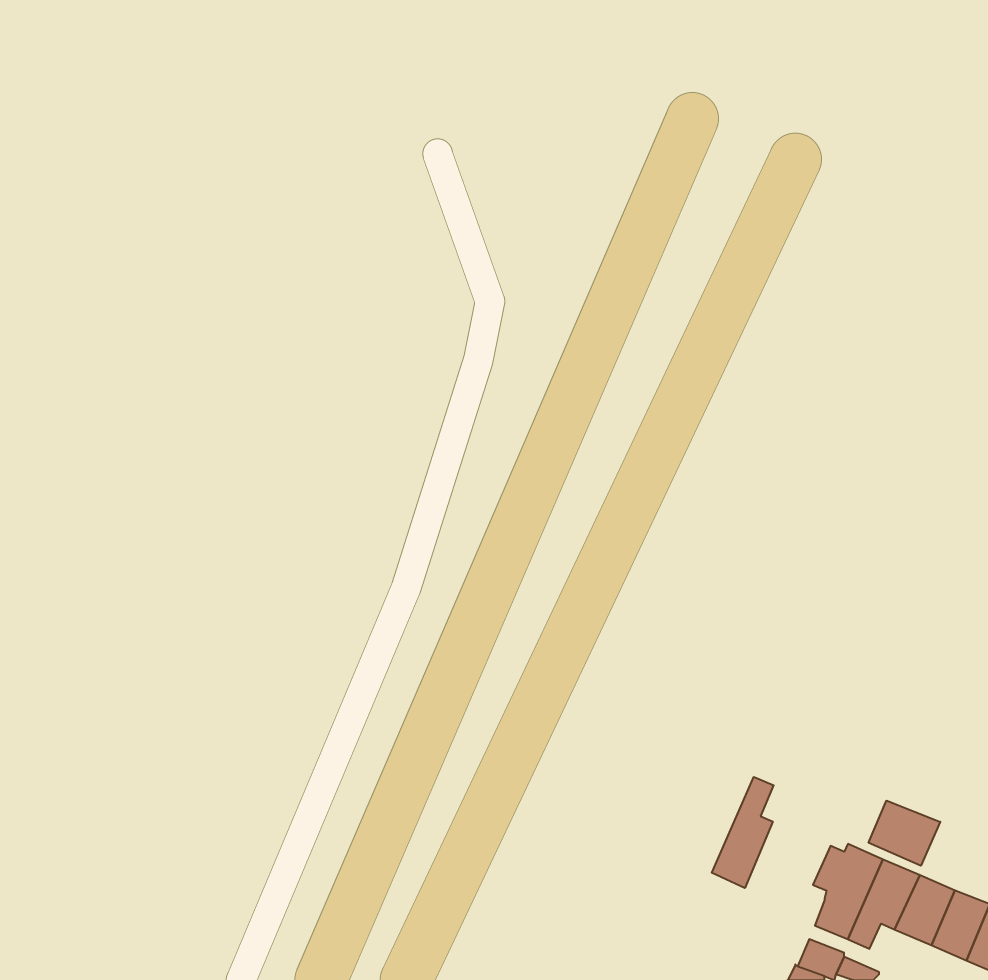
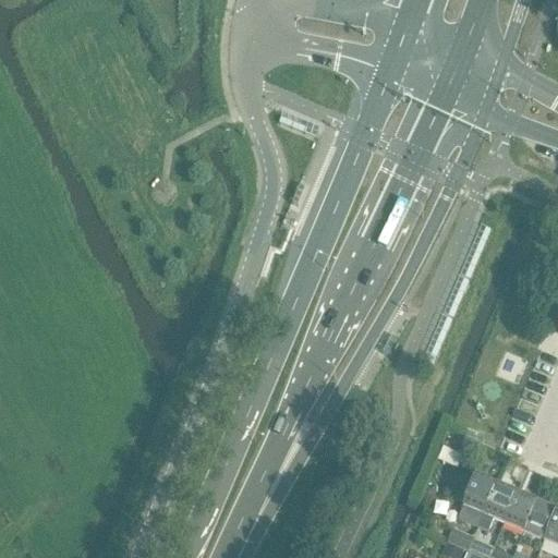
building: [712,777,774,888] -> none
building: [869,801,940,866] -> none

